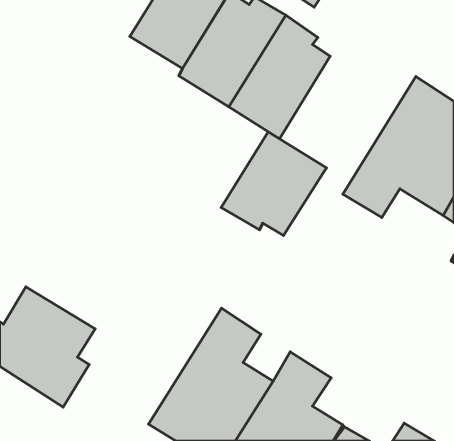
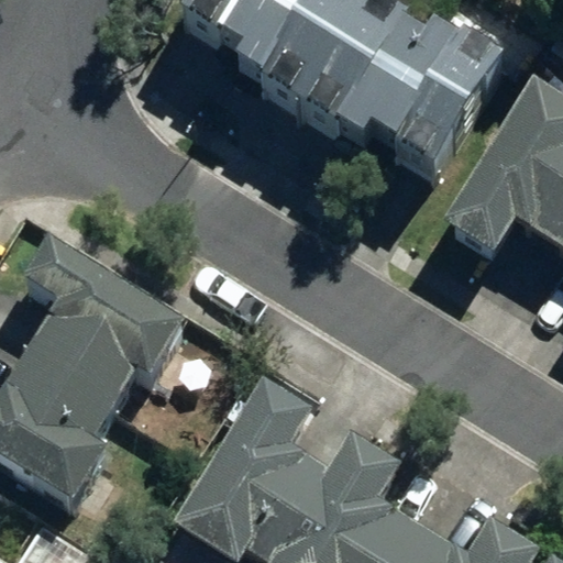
building: none -> [354,57,487,198]
building: [221,132,326,236] -> none
building: none -> [31,240,189,406]

